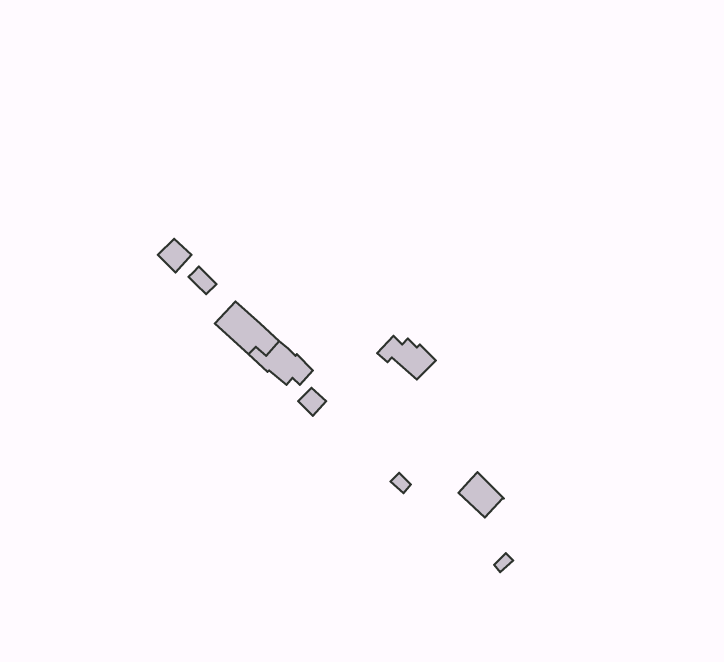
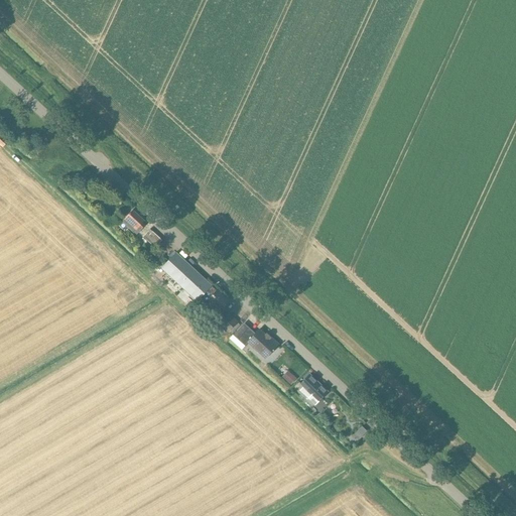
building: [377,336,436,380] -> [238,327,278,357]
building: [459,472,504,518] -> [296,373,328,404]

